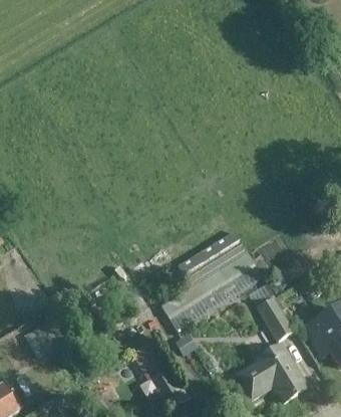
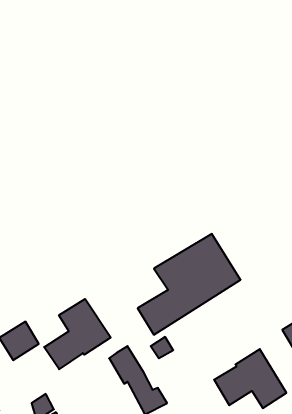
building: [249,283,294,341] -> none
building: none -> [44,299,111,369]

